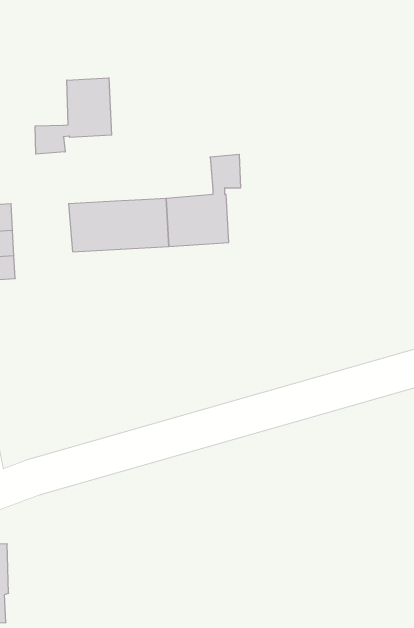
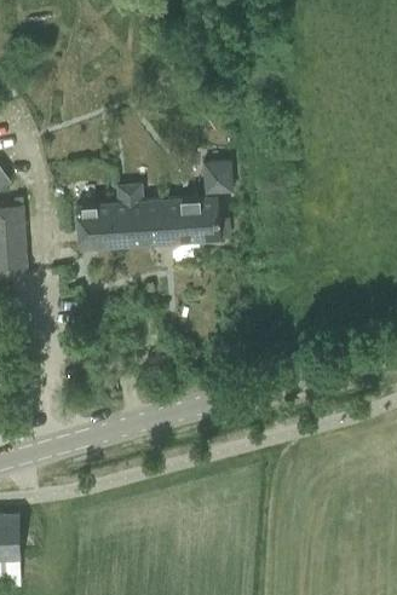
building: [35,78,112,154] -> none

